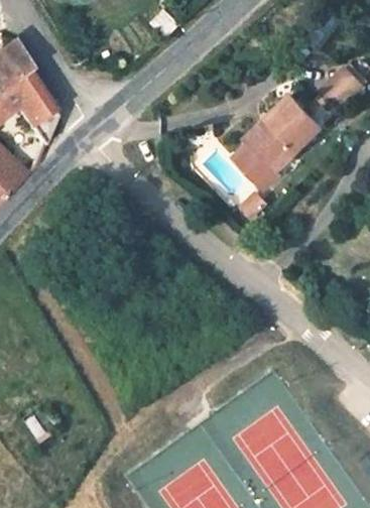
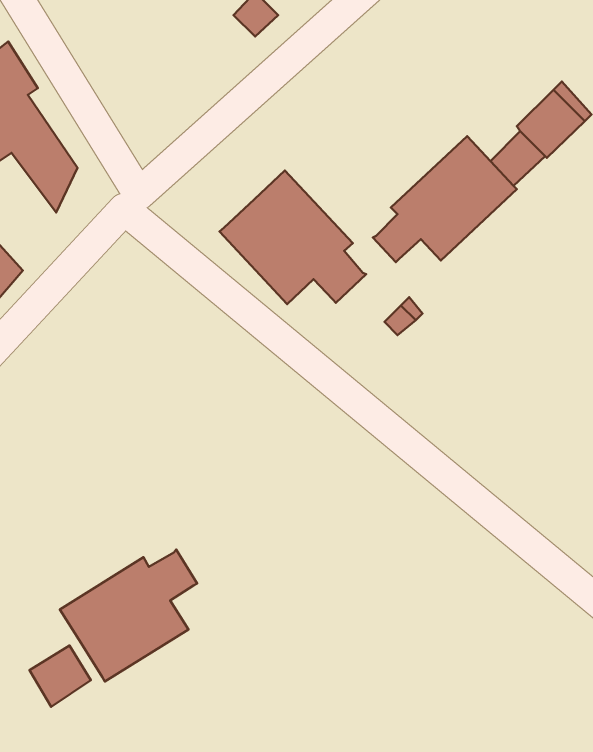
building: none -> [220,170,366,304]
building: none -> [60,550,197,682]

